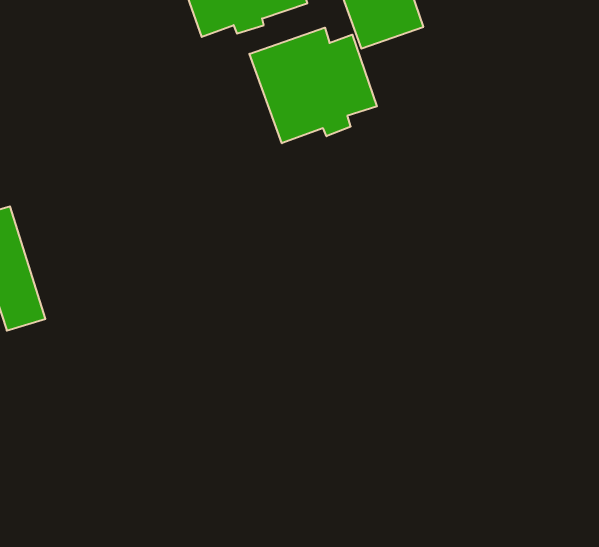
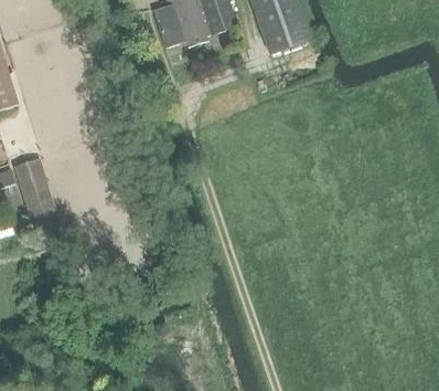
building: [249,28,377,143] -> none

